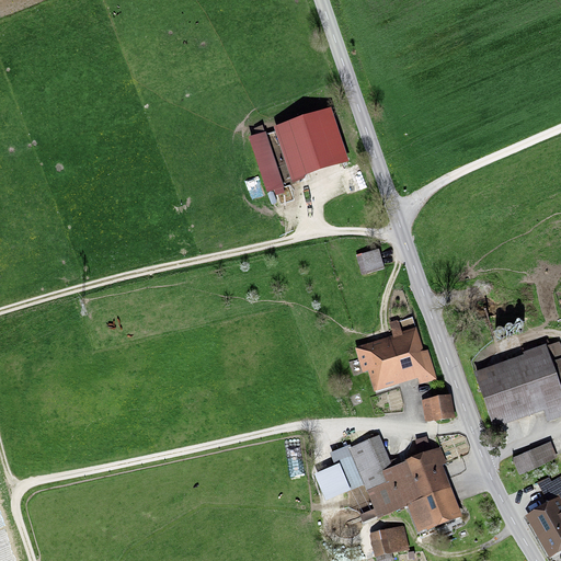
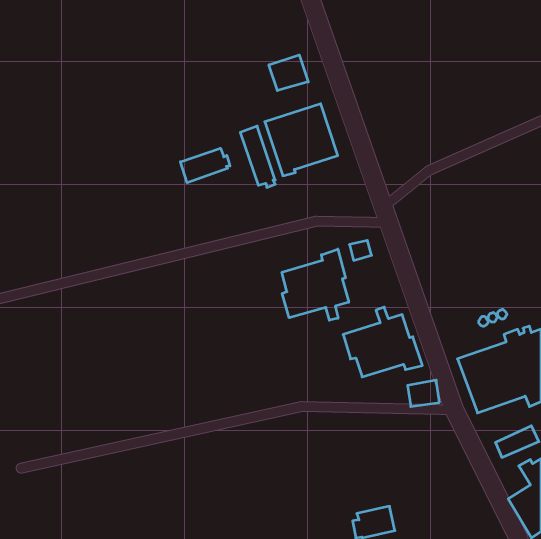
building: none -> [269,55,308,91]
building: none -> [180,148,230,183]
building: none -> [282,249,349,320]
building: [314,434,455,529] -> none

